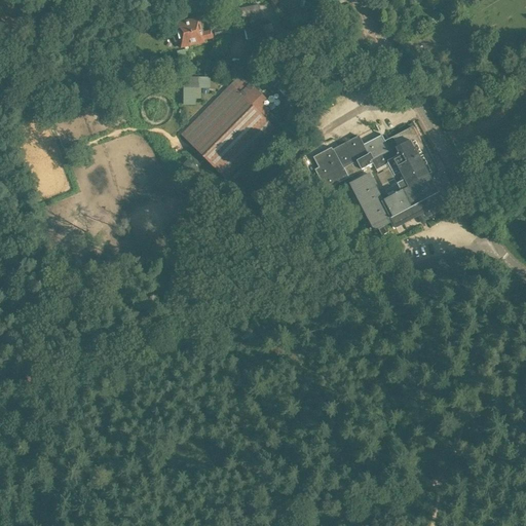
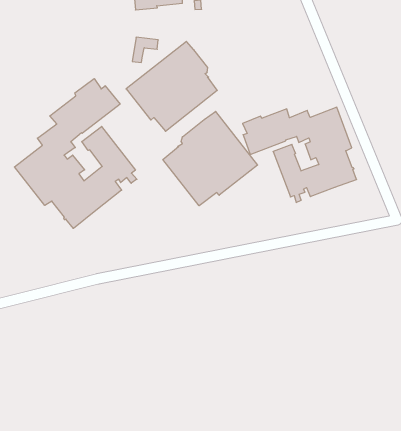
building: none -> [14,79,137,228]
building: none -> [163,111,258,206]

